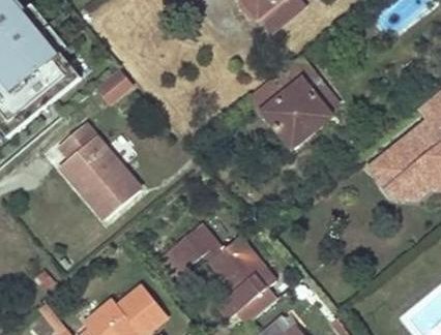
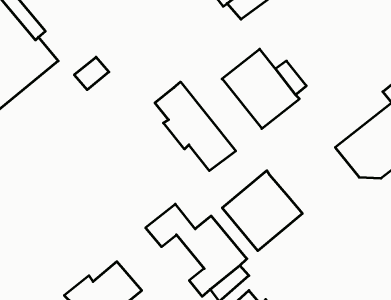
building: none -> [155,82,236,171]
building: [58,123,139,218] -> none
building: none -> [222,171,302,251]

